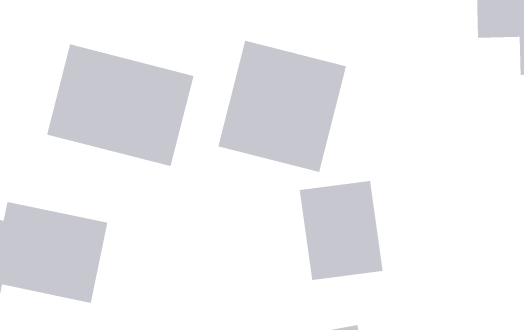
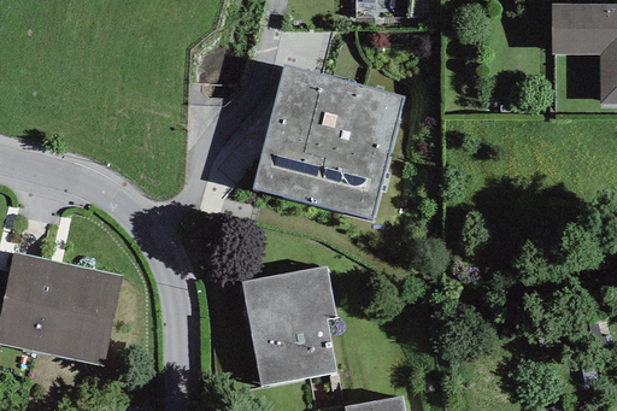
building: [47,44,194,167] -> none
building: [299,180,383,280] -> [243,270,341,386]

